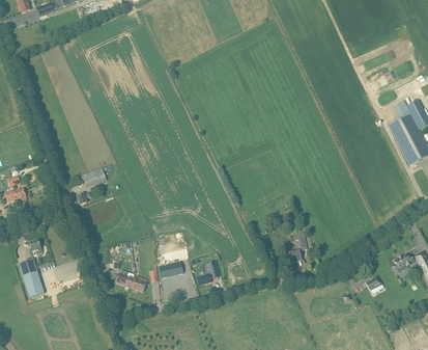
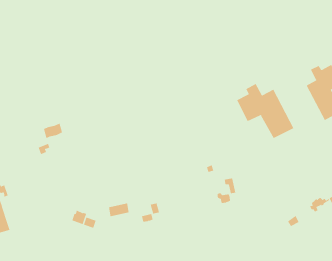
building: none -> [237,83,294,139]

